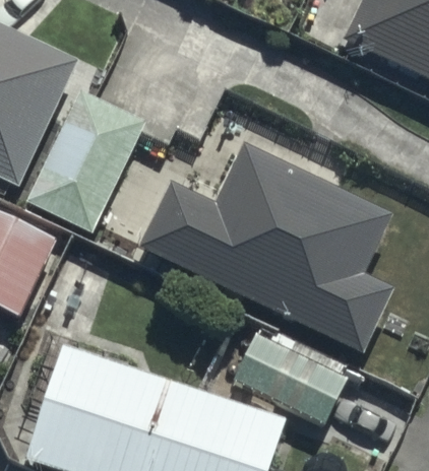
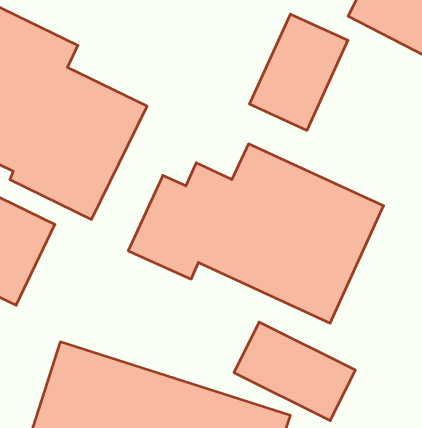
building: none -> [250,14,348,130]

